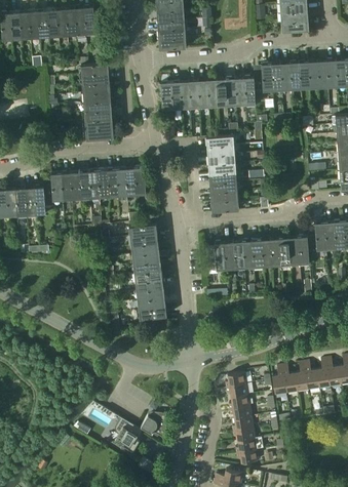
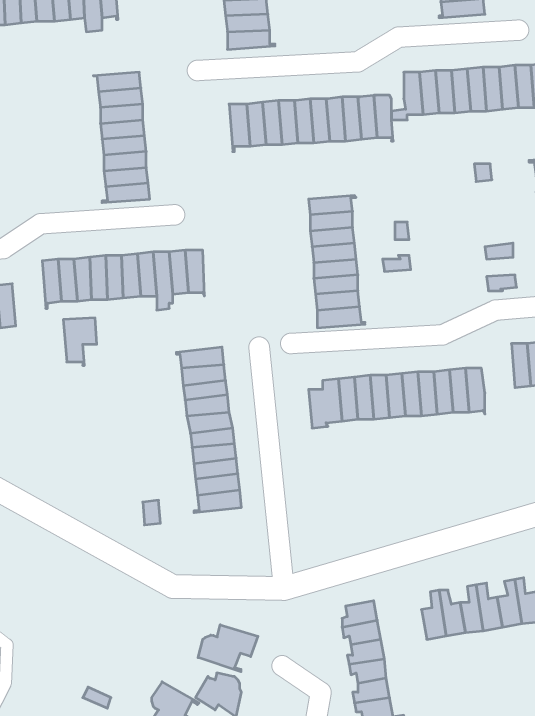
building: [34,187,53,214] -> [63,318,97,365]
building: [307,222,326,251] -> none
building: none -> [198,625,258,672]

